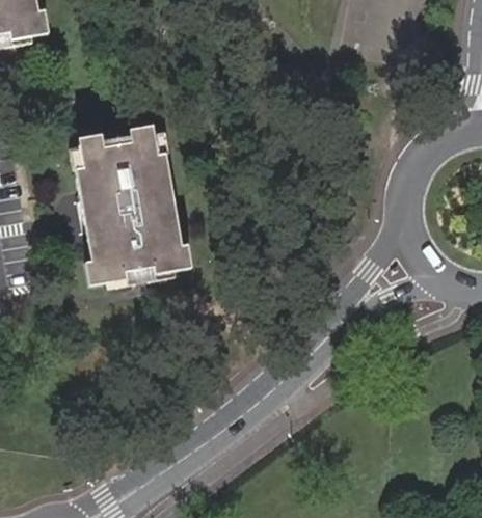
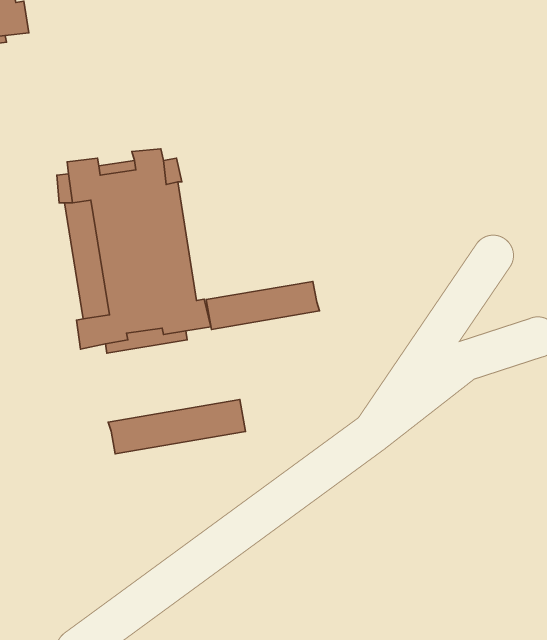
building: none -> [206,282,319,329]
building: none -> [108,399,246,454]

